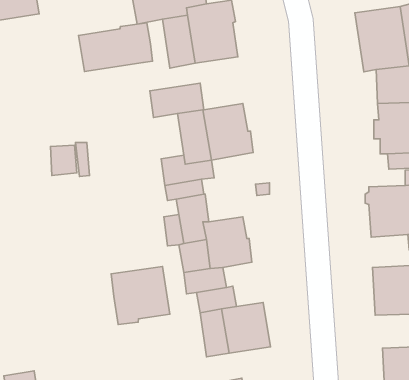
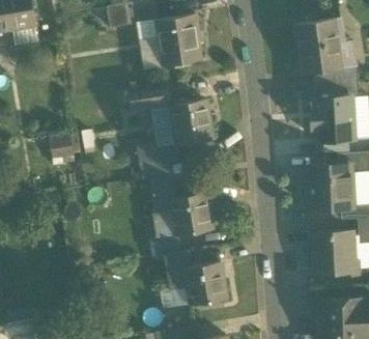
building: [78,23,152,72] -> none
building: [111,267,170,324] -> none

